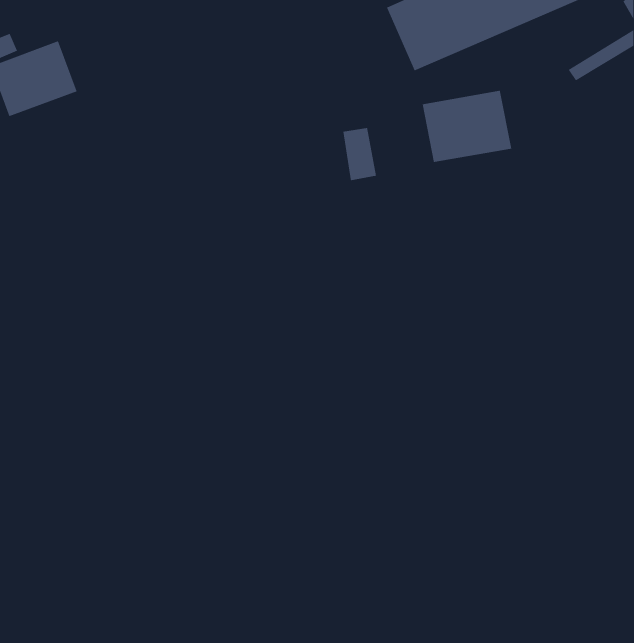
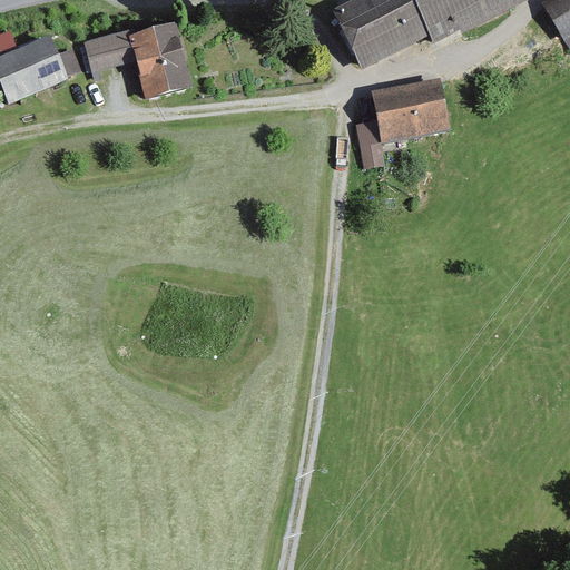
building: none -> [131,24,190,98]
building: none -> [85,33,130,70]
building: [343,128,377,181] -> [350,121,380,168]

